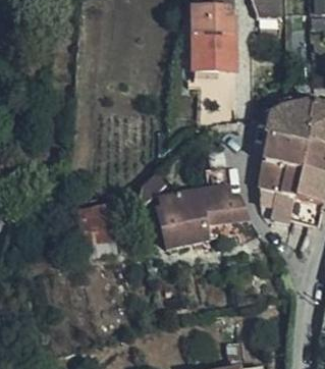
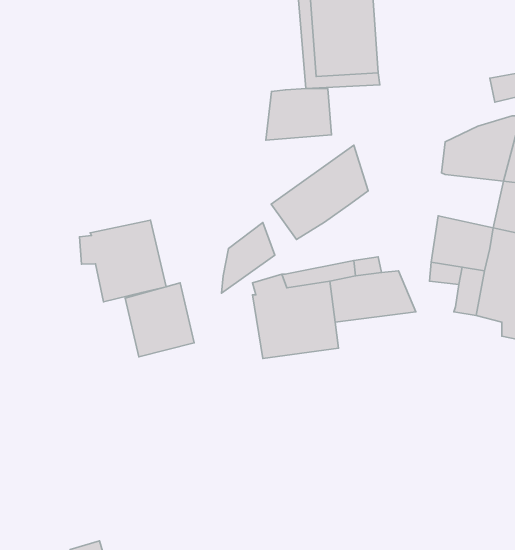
building: none -> [266,88,332,140]
building: none -> [271,145,368,240]
building: [266,133,305,164] -> none
building: none -> [80,220,166,302]

